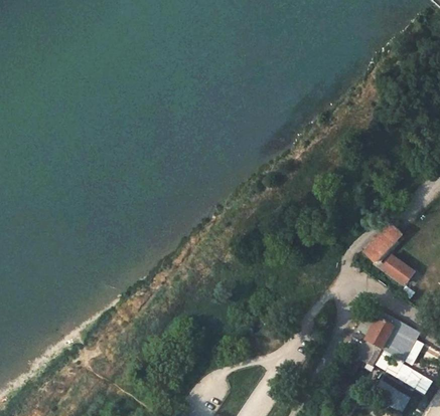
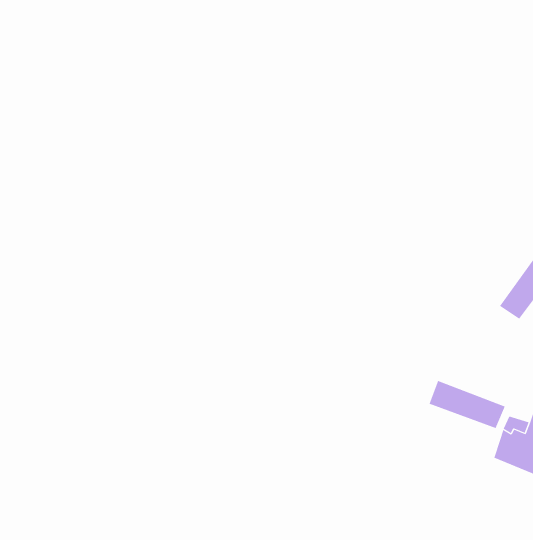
building: none -> [429,380,506,429]

